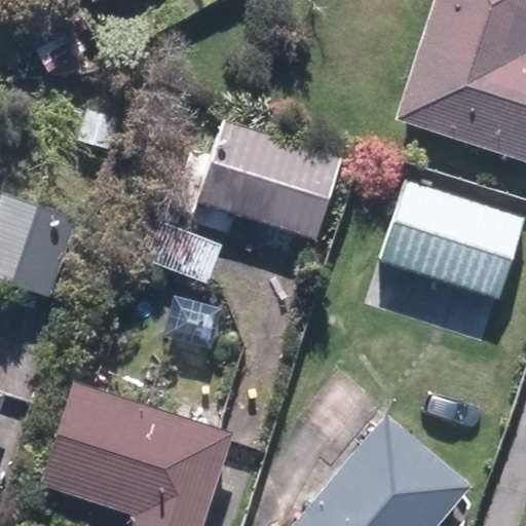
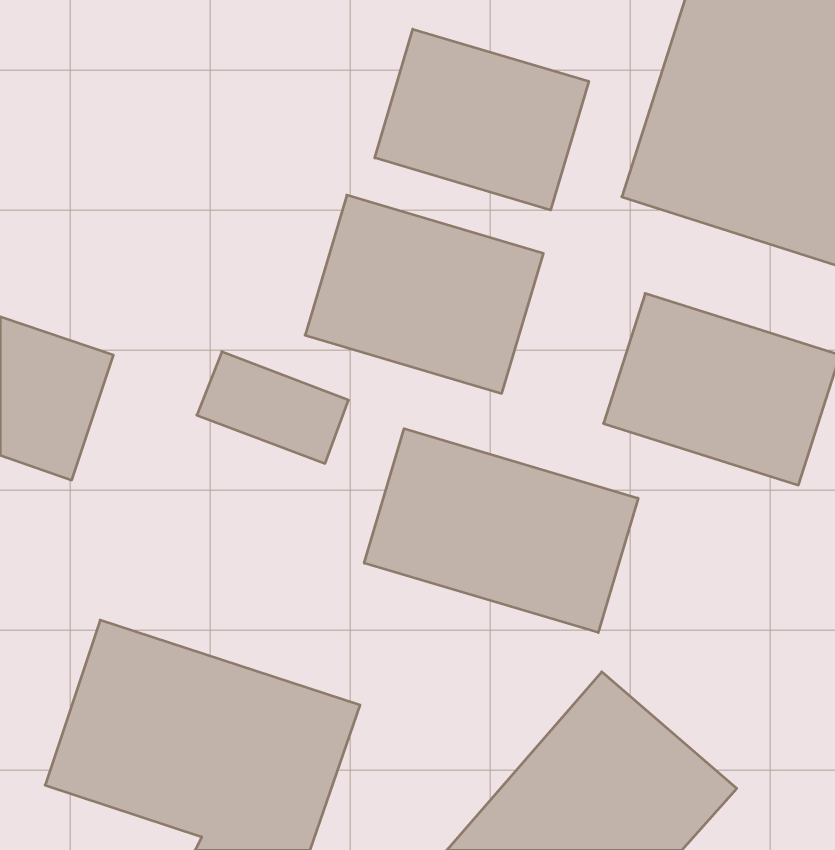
building: none -> [375,29,589,210]
building: none -> [364,429,638,633]

